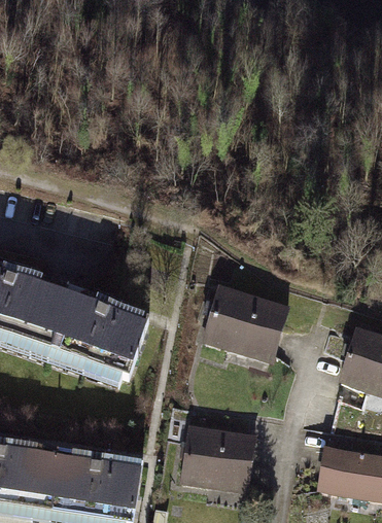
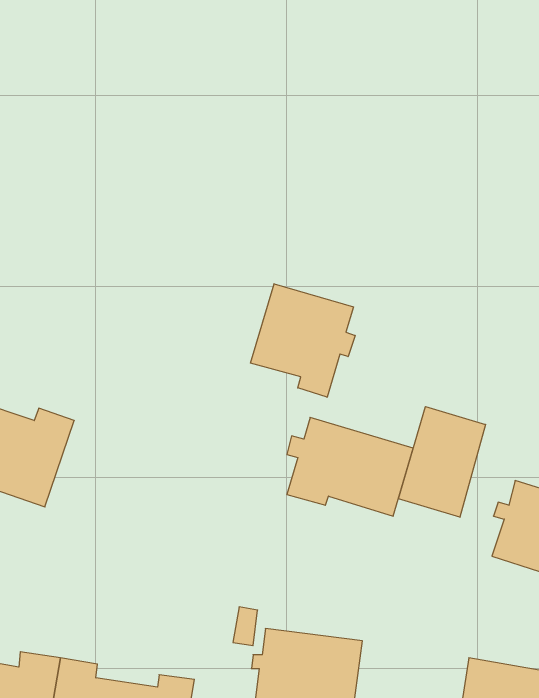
building: none -> [251,284,355,397]
building: none -> [398,407,486,517]
building: [42,289,149,378] -> none

